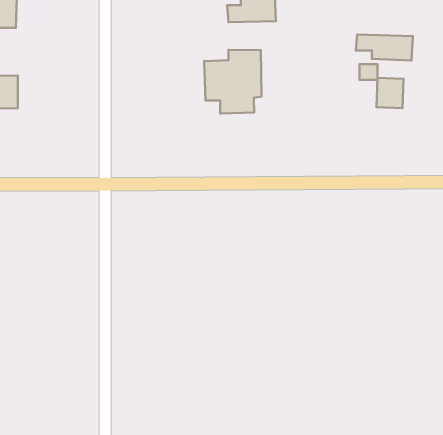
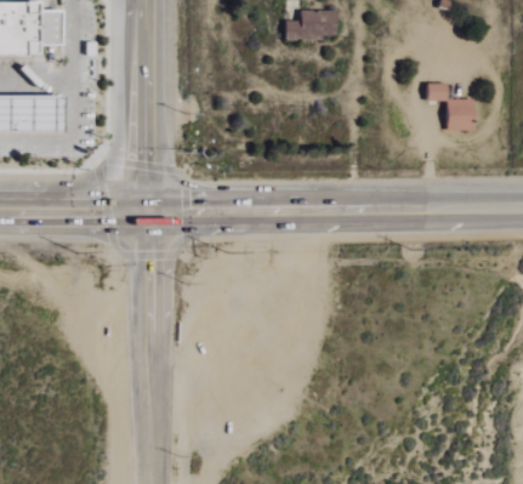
building: [356,34,413,61] -> none
building: [204,50,262,114] -> none

